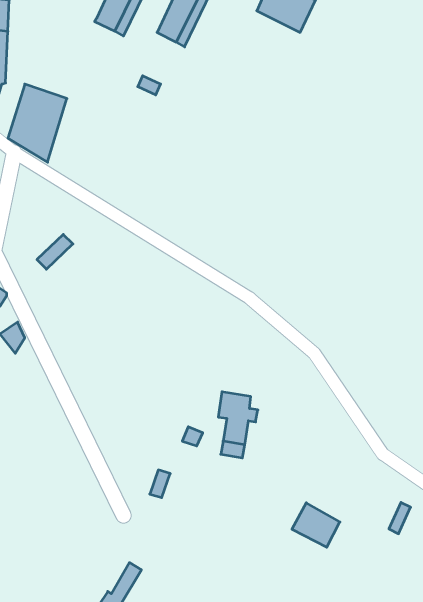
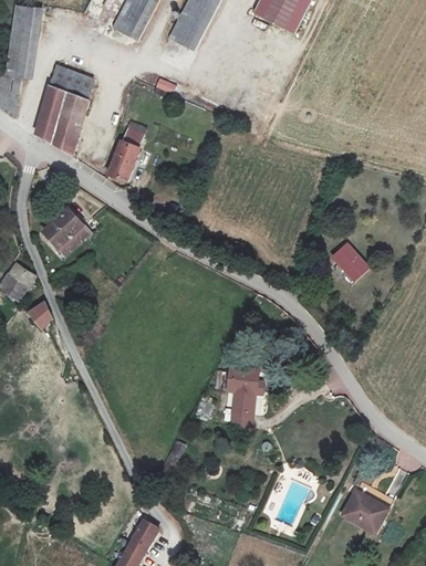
building: none -> [49,67,92,95]
building: none -> [110,127,139,178]
building: none -> [45,206,84,243]
building: none -> [334,247,370,283]
building: [292,503,340,547] -> [341,490,385,531]

